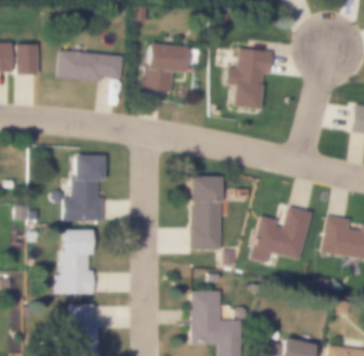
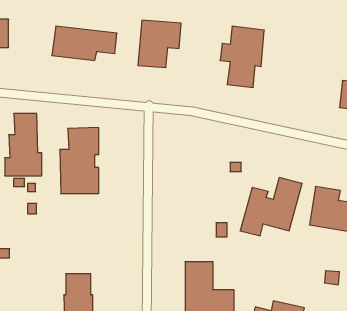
building: [16,44,40,72] -> none
building: [191,174,223,249] -> none
building: [57,229,95,293] -> [5,114,42,176]

